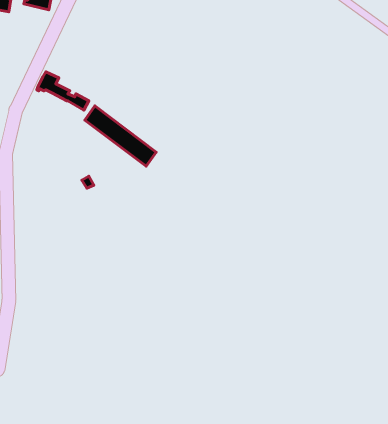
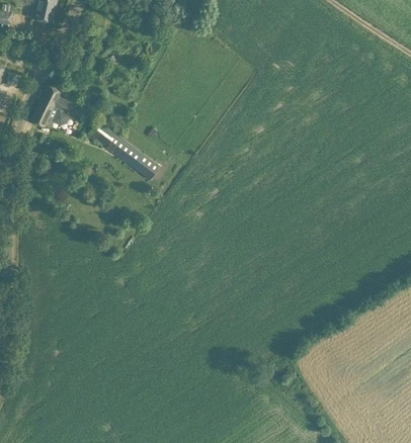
building: none -> [32,103,71,128]

